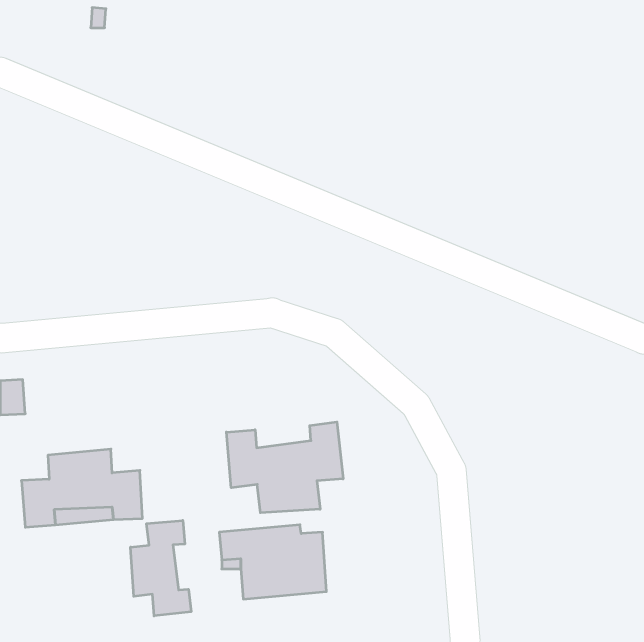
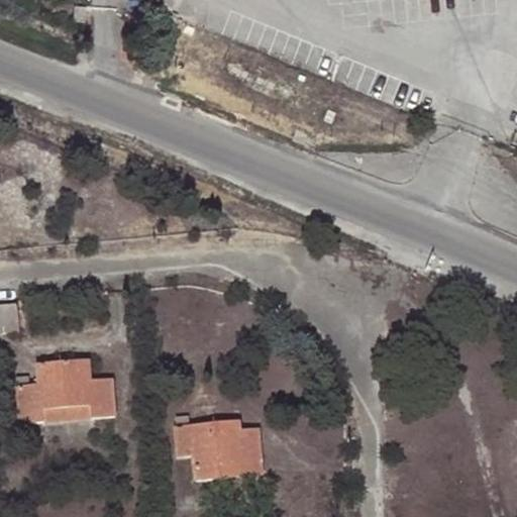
building: [226,422,343,513] -> none
building: [131,520,191,616] -> none

